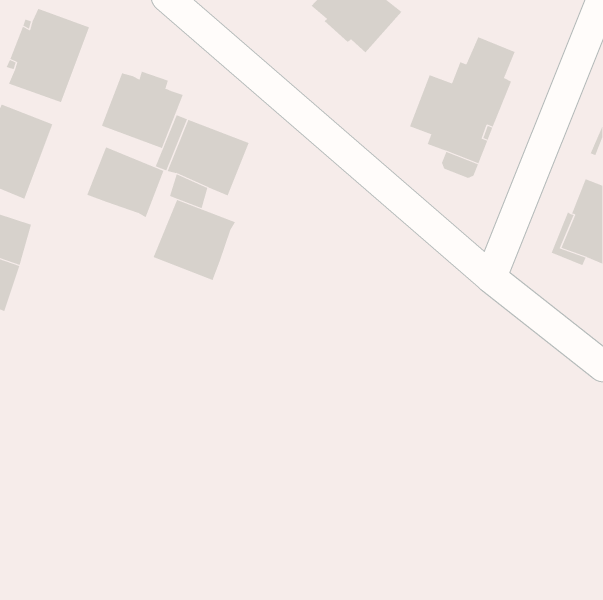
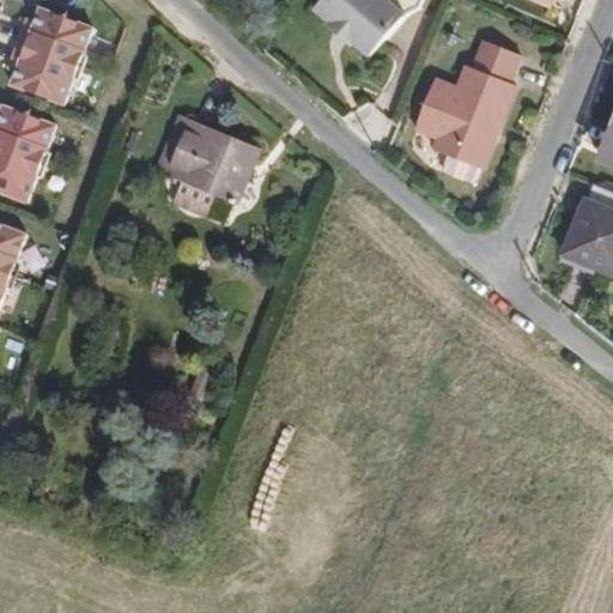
building: [101,71,183,149] -> none
building: [87,147,164,218] -> none
building: [153,199,236,281] -> none

